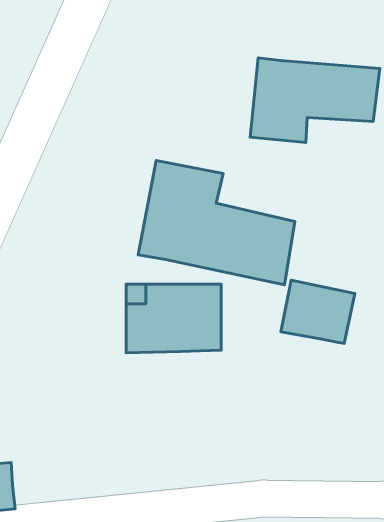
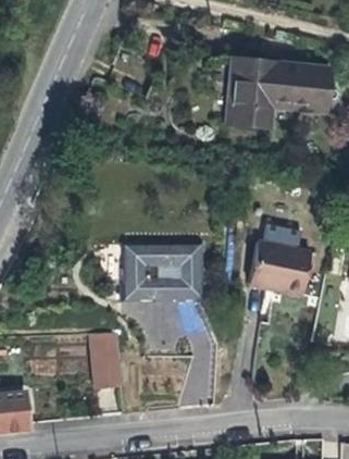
building: [138,160,295,285] -> none
building: none -> [94,331,126,388]

